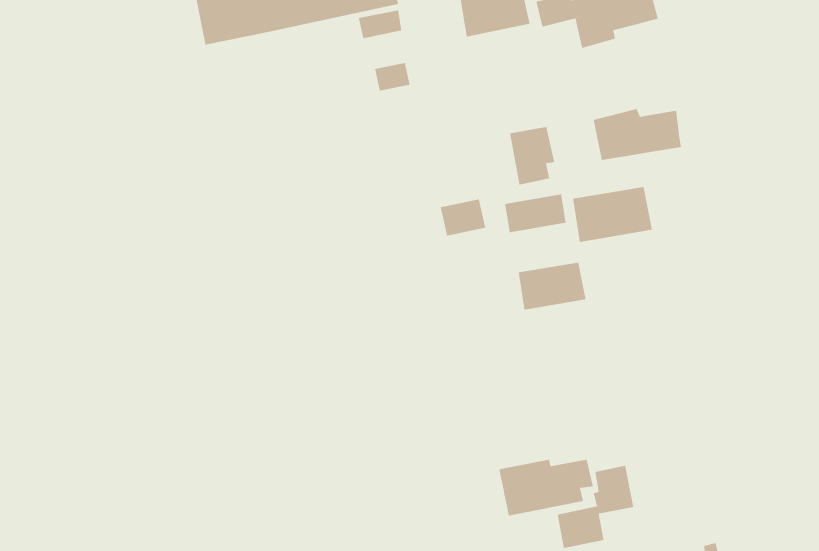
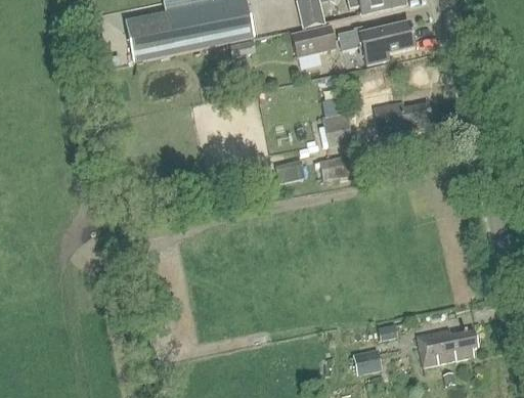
building: [572,186,653,243] -> none
building: [518,262,587,311] -> none
building: [498,459,594,516] -> [418,328,477,364]

